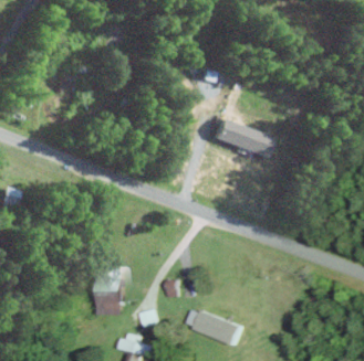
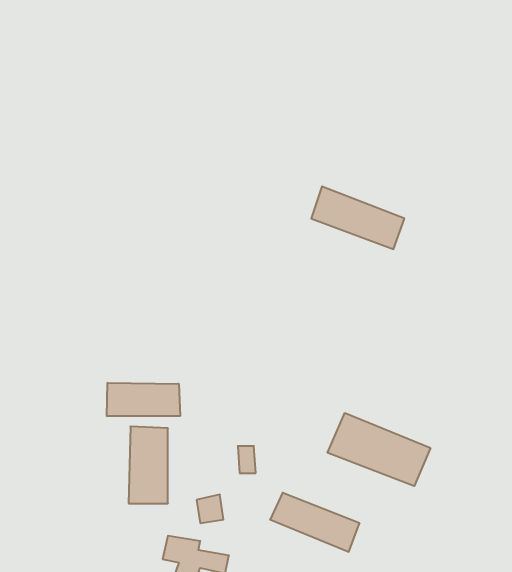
building: none -> [107,383,180,416]
building: none -> [327,413,430,486]

